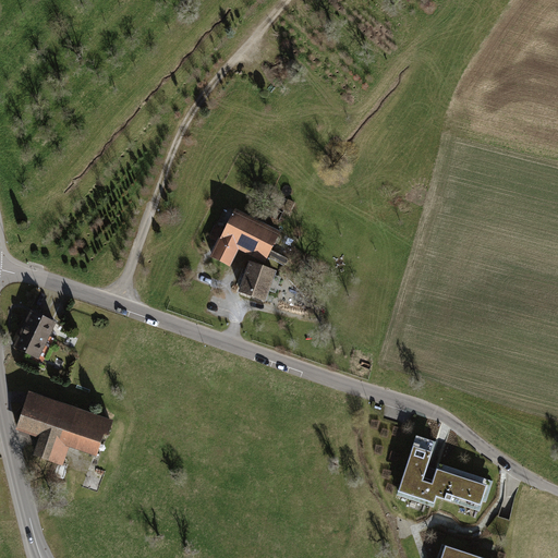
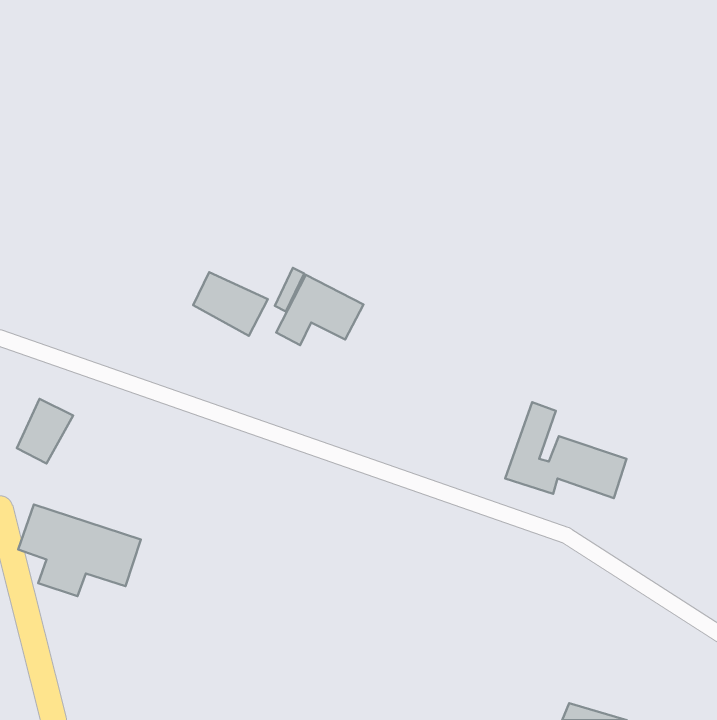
building: none -> [193,272,268,336]
building: [240,265,278,305] -> none
building: [395,435,488,509] -> [505,402,626,498]

